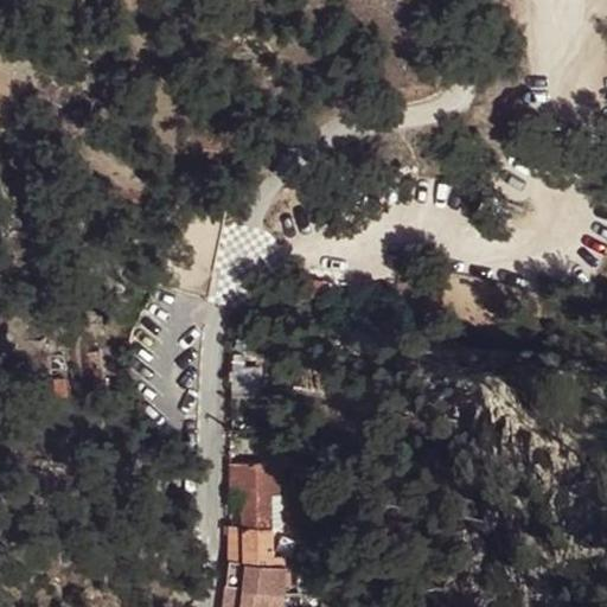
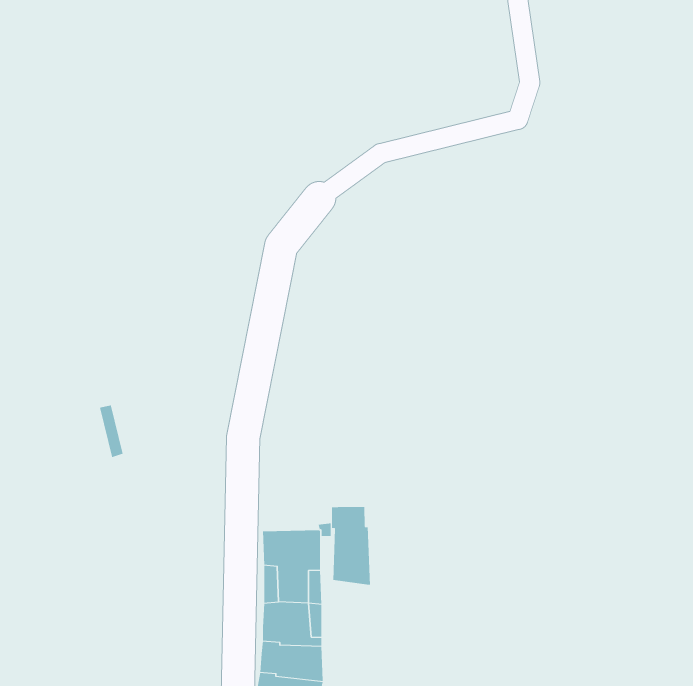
building: none -> [331,506,370,586]

